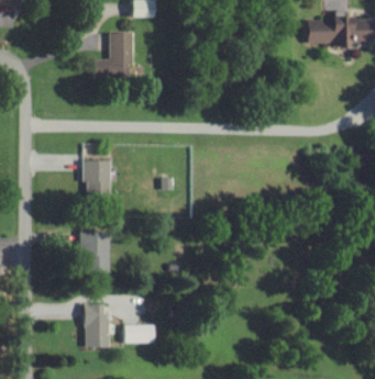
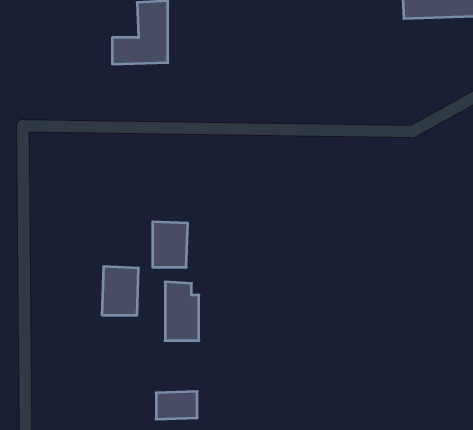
building: [84,159,110,193] -> [153,222,188,267]
building: [84,302,109,346] -> [165,282,199,341]

